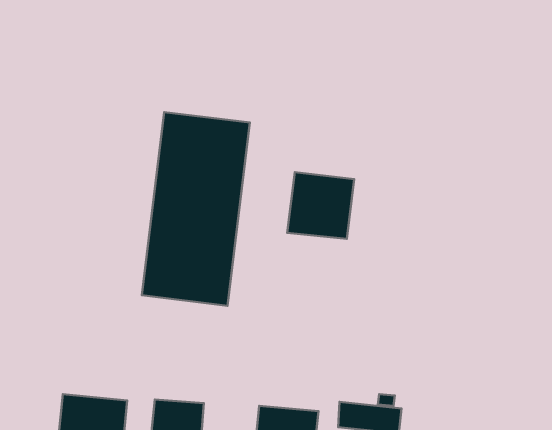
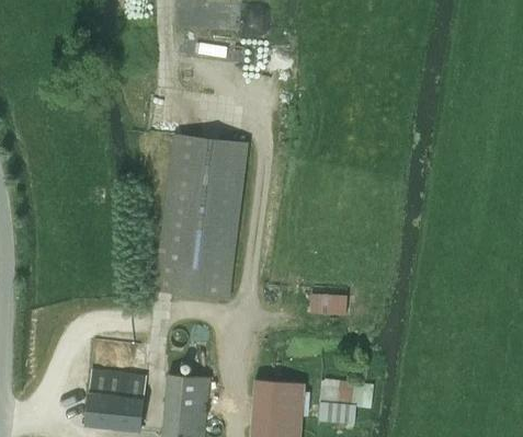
building: [287,172,354,239] -> none
building: none -> [311,292,346,314]

